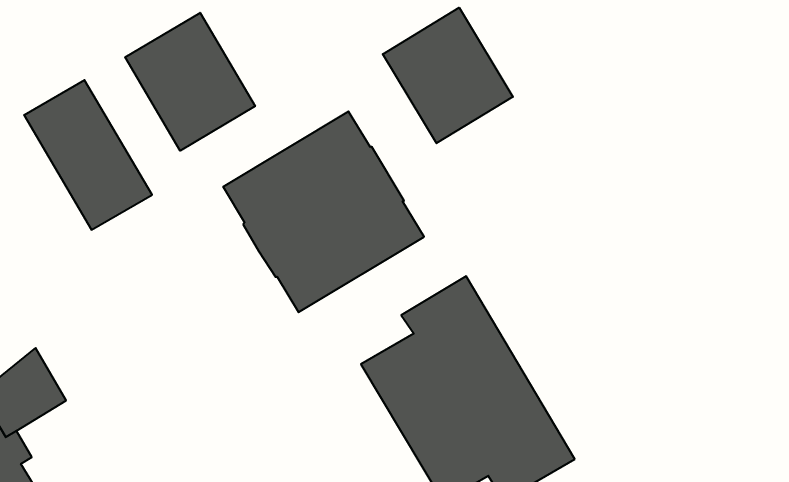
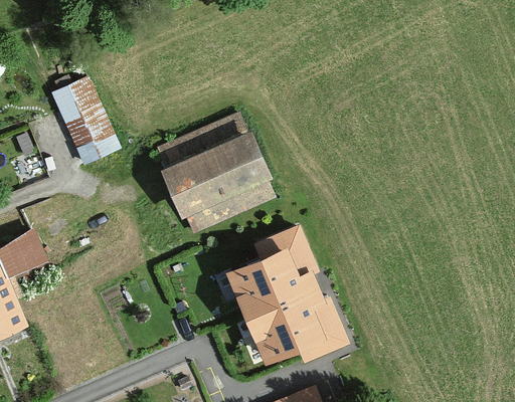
building: [383,8,513,143] -> none
building: [125,13,255,151] -> none

